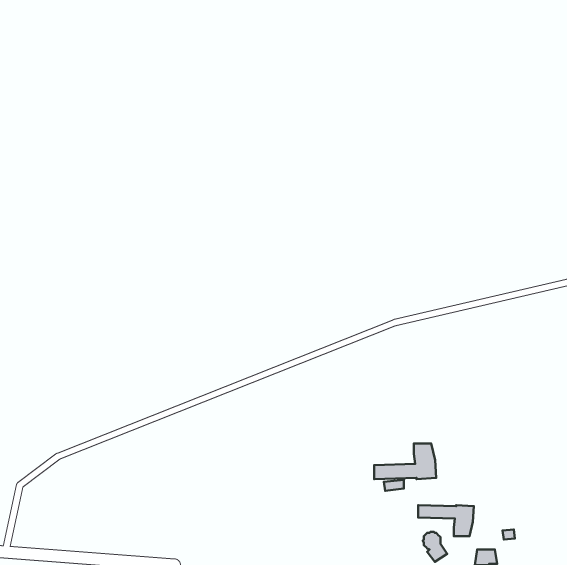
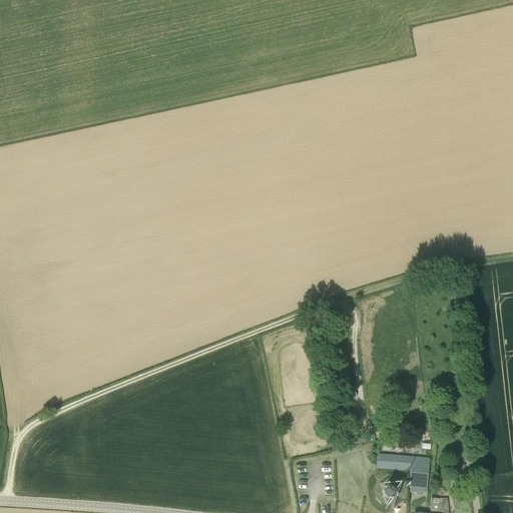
building: [374,444,436,479] -> none

